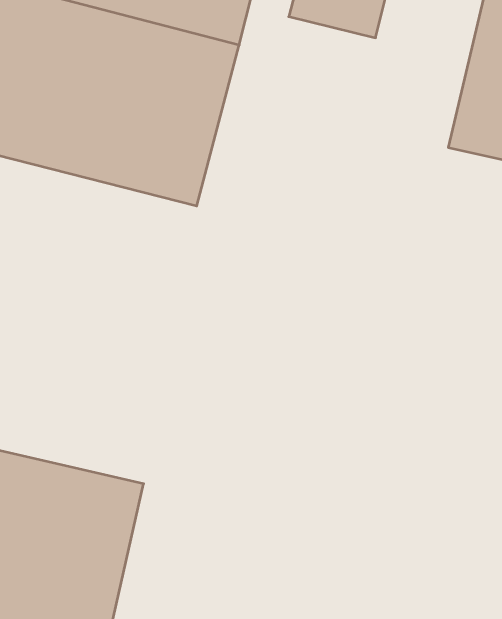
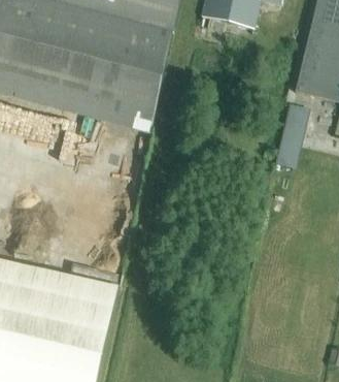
building: none -> [283,102,310,132]
building: none -> [275,139,301,168]

